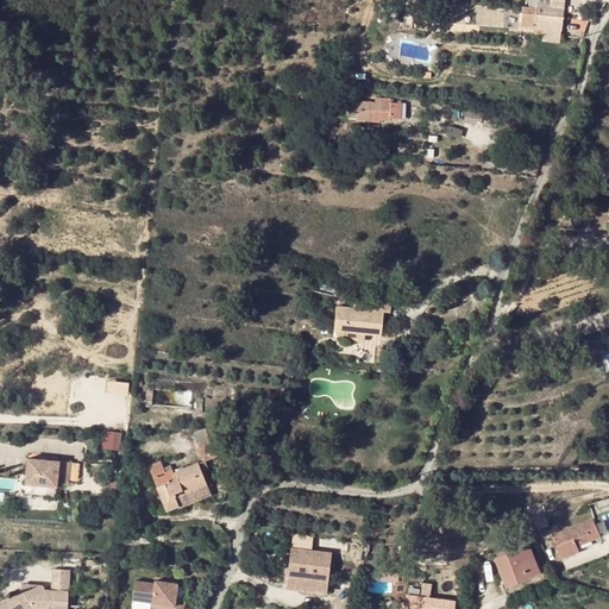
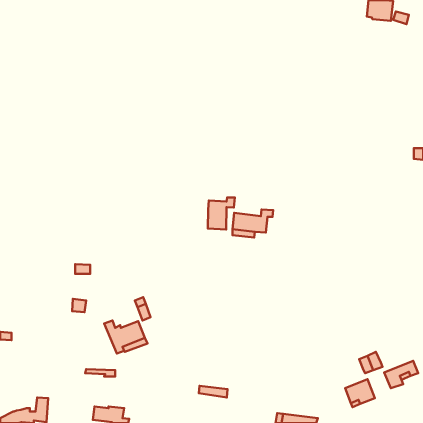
building: [370,99,398,121] -> none
building: none -> [208,197,235,230]
building: [29,458,75,486] -> none
building: [282,565,326,597] -> none

